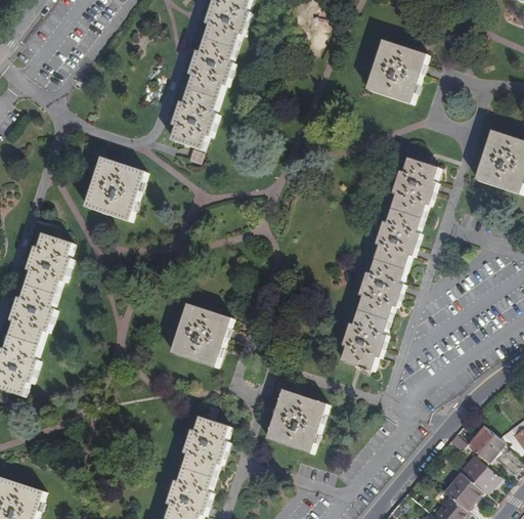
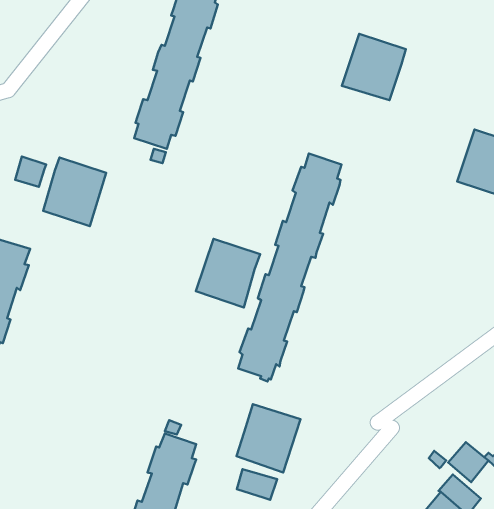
building: none -> [15,157,46,187]
building: [340,158,437,373] -> [238,154,342,382]
building: [170,303,230,367] -> [196,239,260,307]
building: none -> [237,469,277,500]

